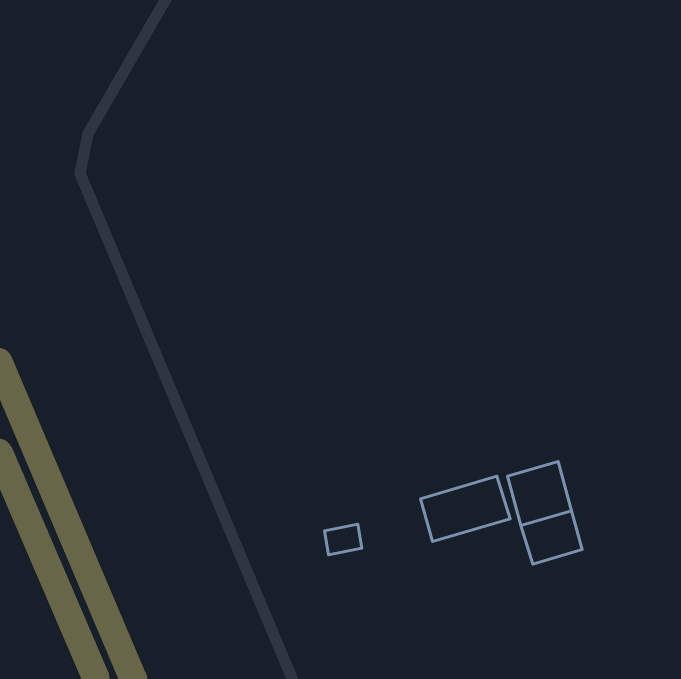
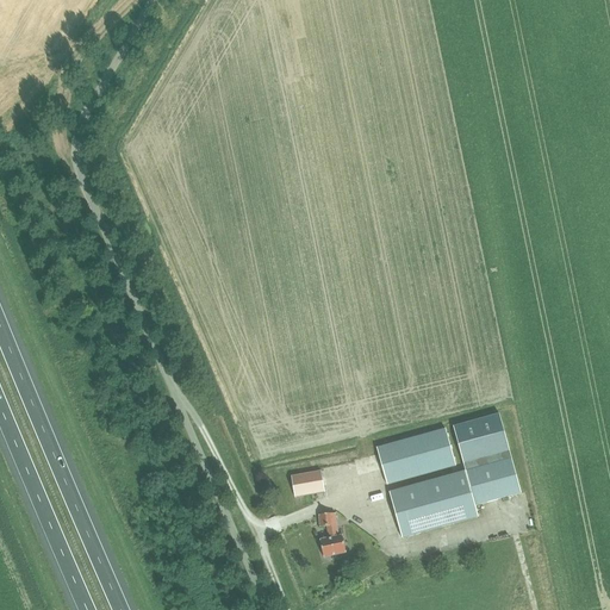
building: none -> [387,469,477,537]
building: none -> [318,512,344,555]

